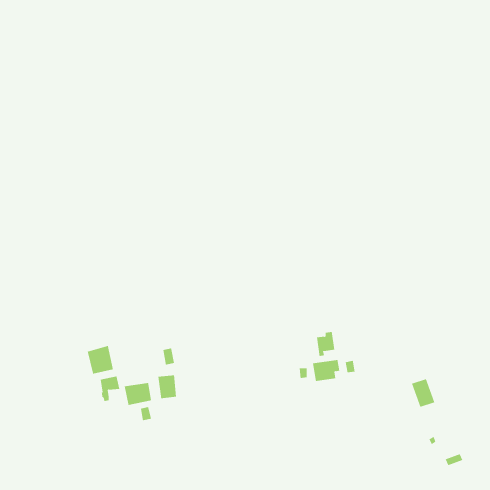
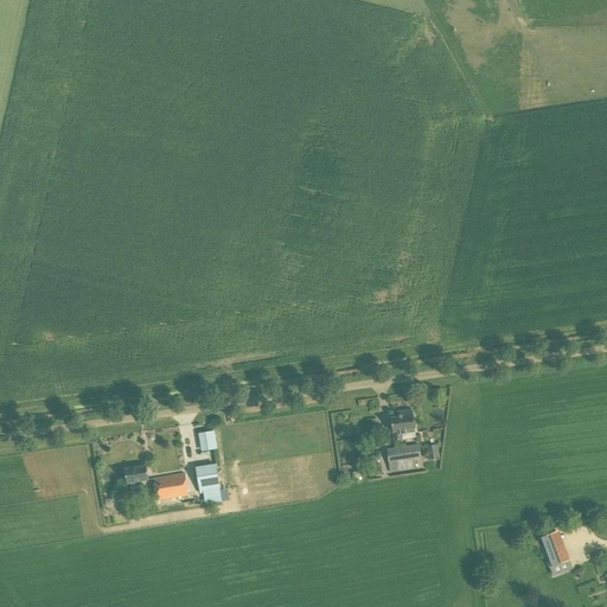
building: [87,345,113,374] -> none
building: [411,379,435,407] -> [542,526,571,562]

